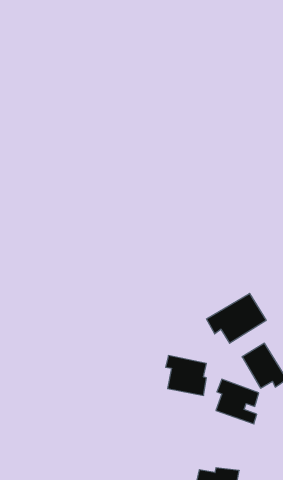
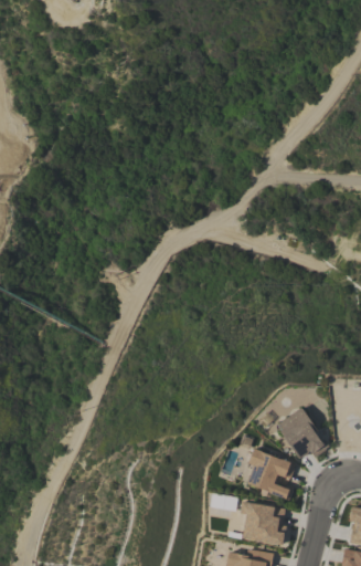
building: [207,293,266,343] -> none
building: [166,356,206,395] -> [240,501,286,546]

